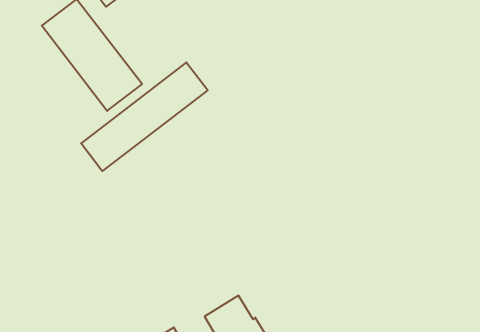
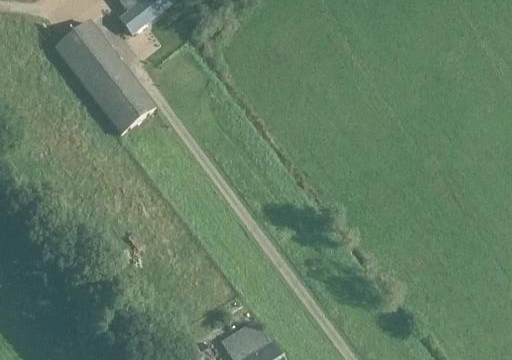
building: [81,62,208,171] -> none

